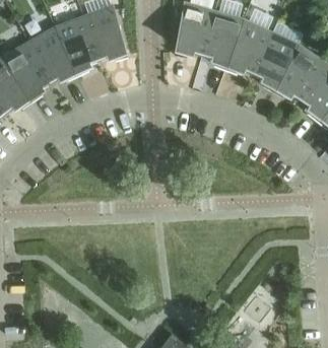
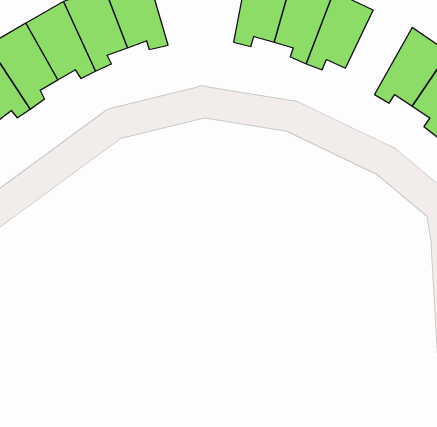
building: [253,33,300,92] -> none

